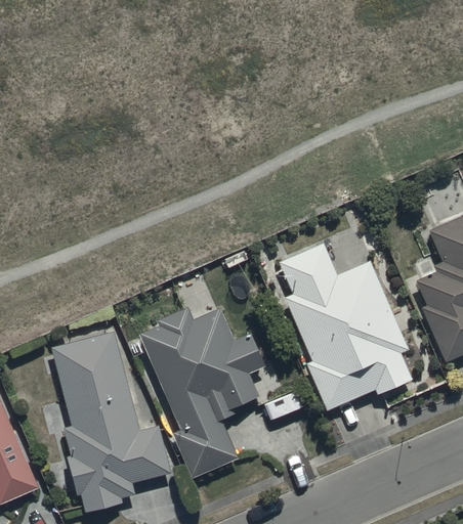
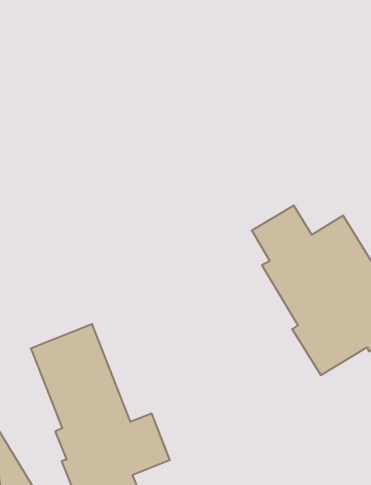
building: [139,307,264,478] -> none

